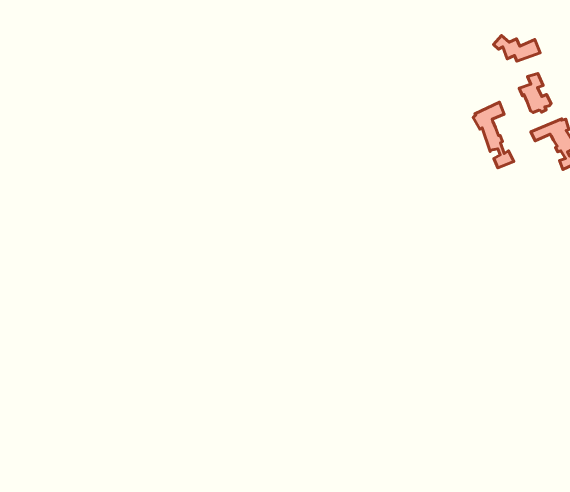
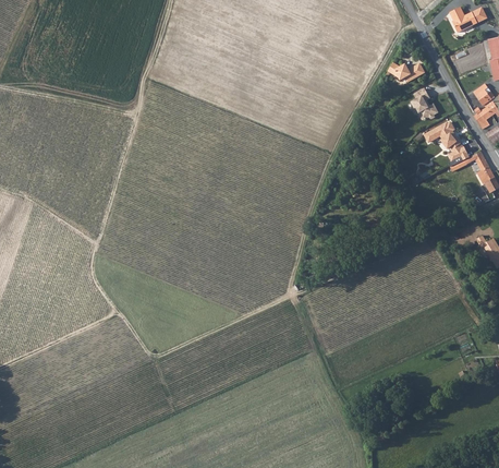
building: [473,102,514,168] -> none

